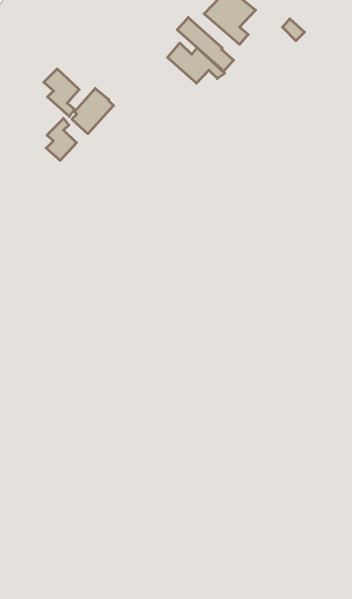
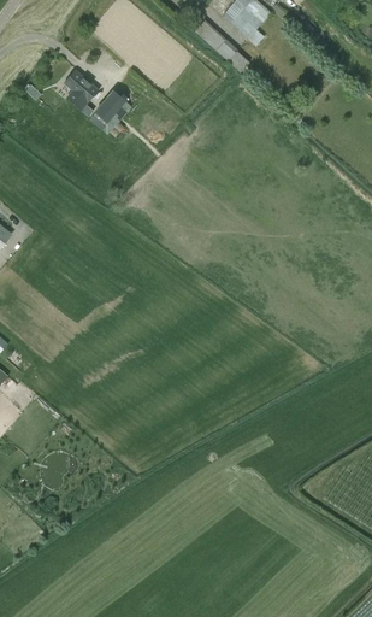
building: [168,43,225,83] -> none
building: [46,118,77,160] -> none

